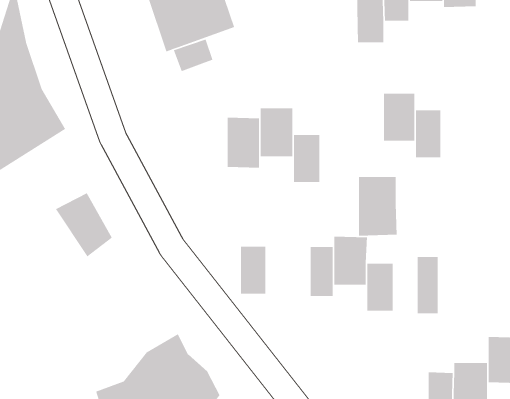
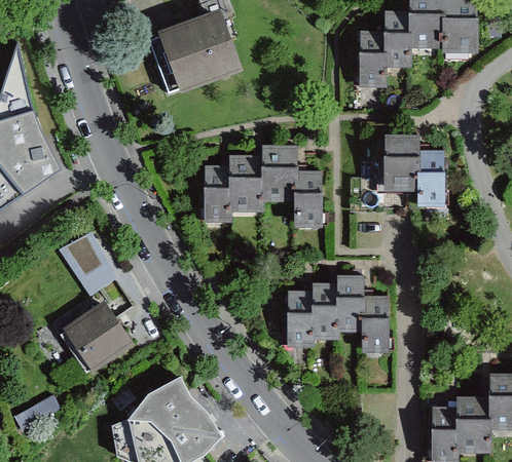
building: [173,39,214,72] -> none
building: none -> [205,170,229,219]
building: [358,176,398,237] -> none
building: [240,246,266,294] -> [286,298,312,346]
building: [417,256,438,314] -> none
building: none -> [61,310,125,375]

